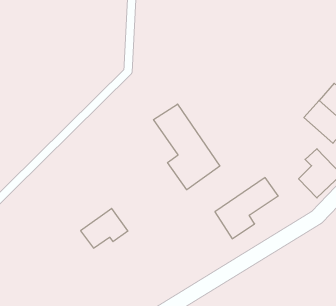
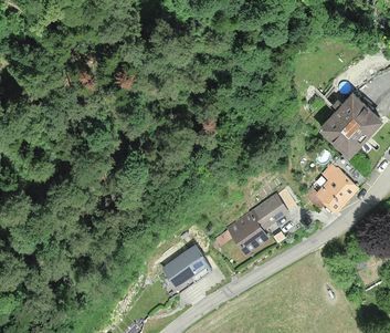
building: [154,104,220,190] -> none
building: [81,208,128,248] -> [161,244,210,285]

